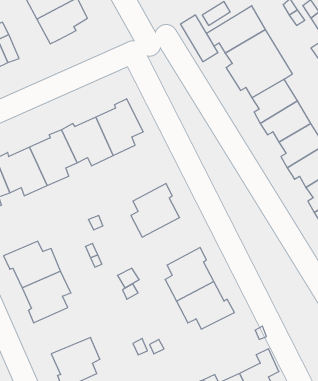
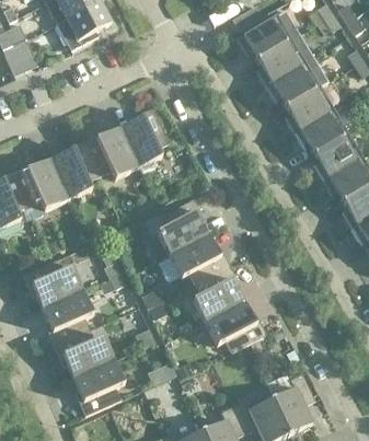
building: [181,15,218,62] -> none
building: none -> [168,233,229,283]
building: none -> [53,328,113,378]

